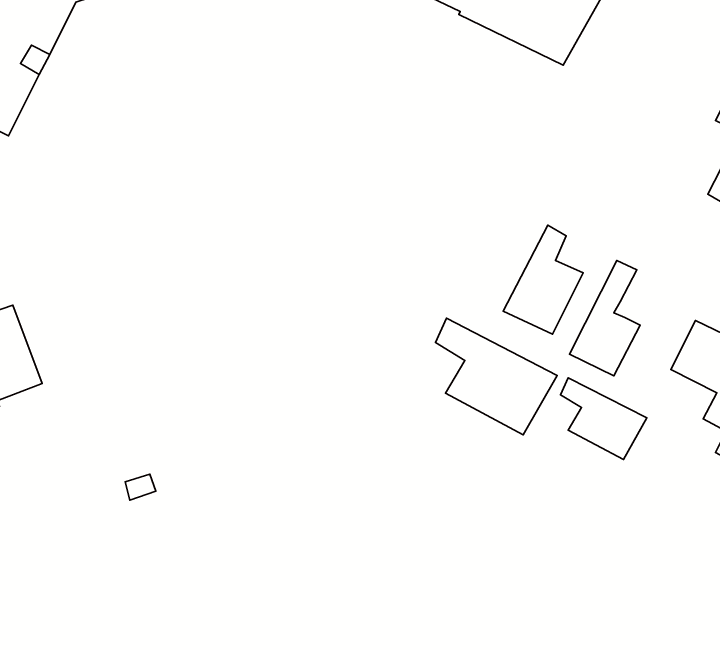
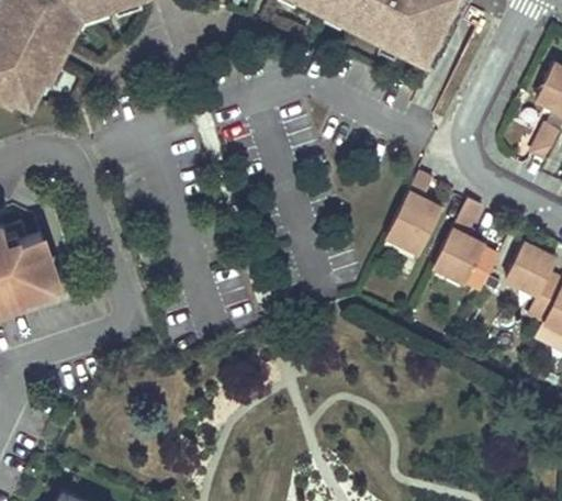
building: [435,318,557,435] -> none
building: [561,378,647,459] -> none

